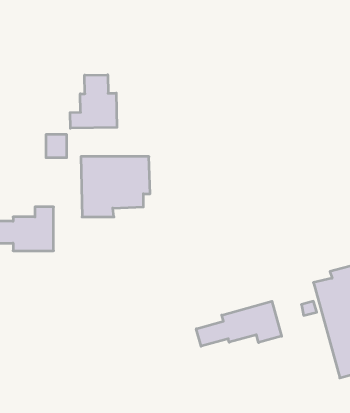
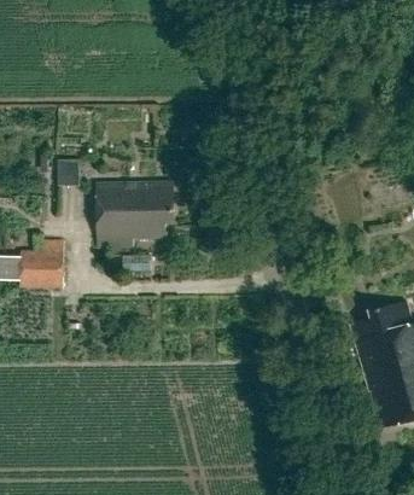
building: [70,75,117,128] -> none
building: [196,301,282,346] -> none

